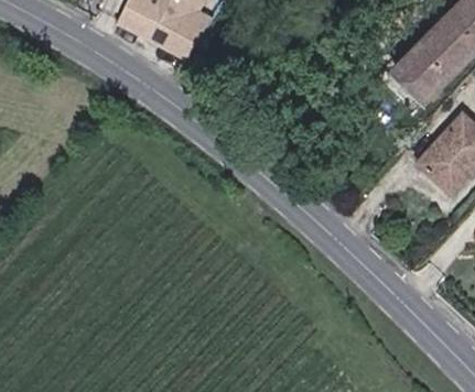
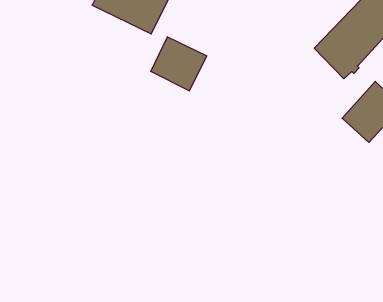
building: none -> [151,37,207,91]

